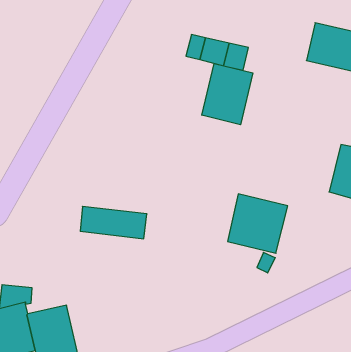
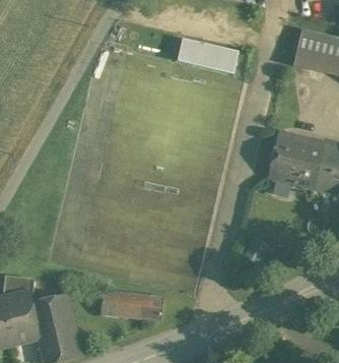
building: [202,64,253,125] -> none
building: [228,194,288,253] -> [268,132,325,188]
building: [80,206,147,239] -> [100,290,163,320]

